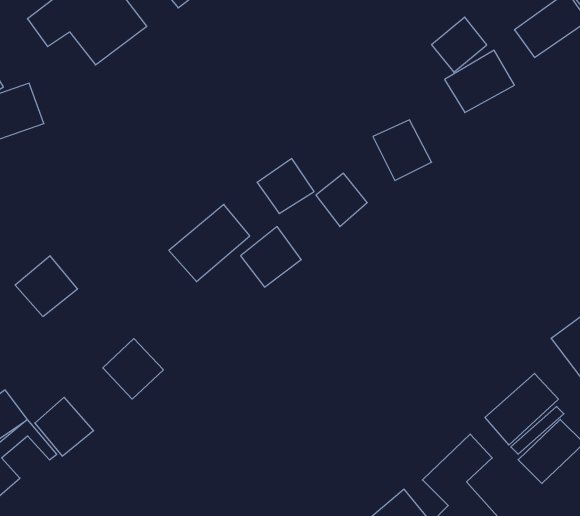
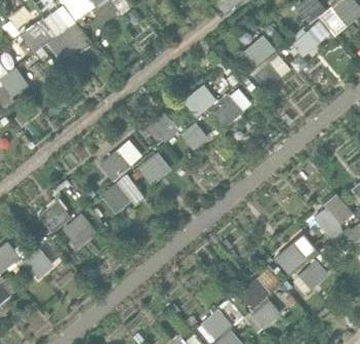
building: none -> [184,83,217,117]
building: [15,256,78,316] -> [37,199,72,233]
building: none -> [101,175,145,217]

